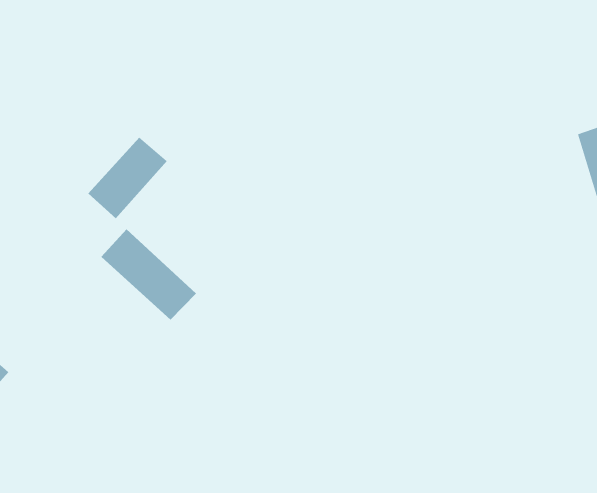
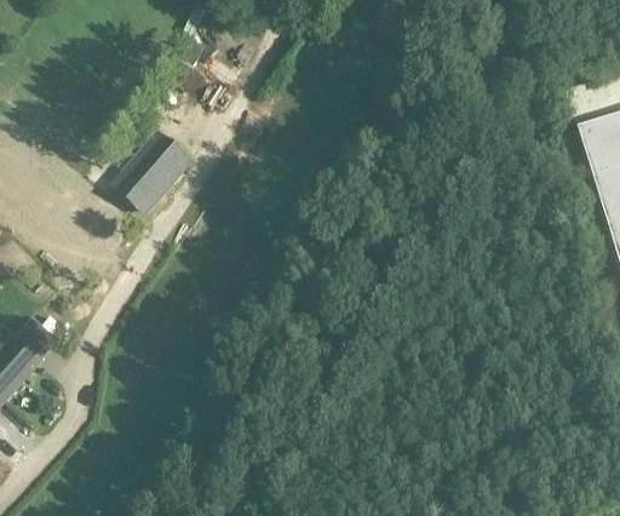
building: [101,229,197,321] -> none

